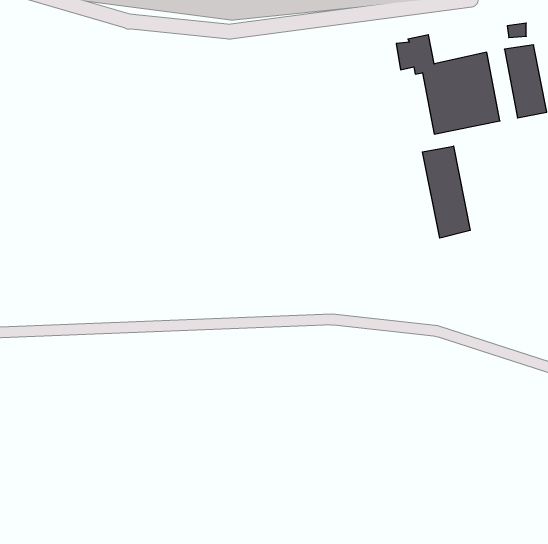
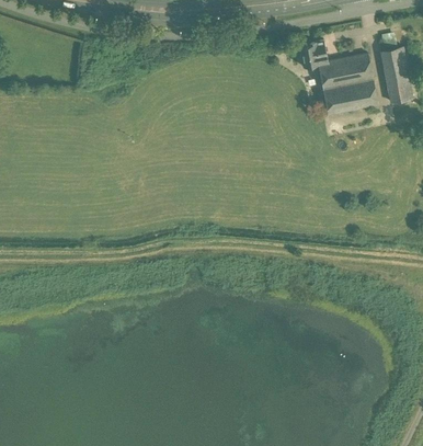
building: [422,146,470,238] -> none

